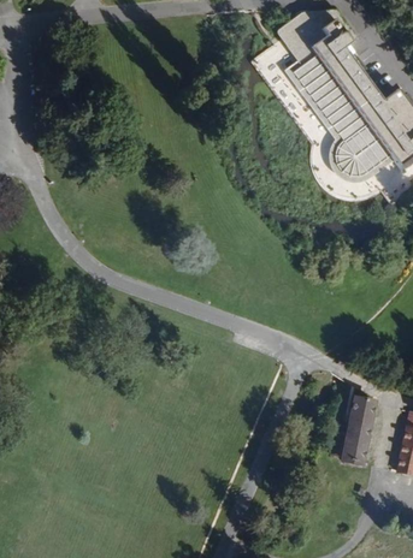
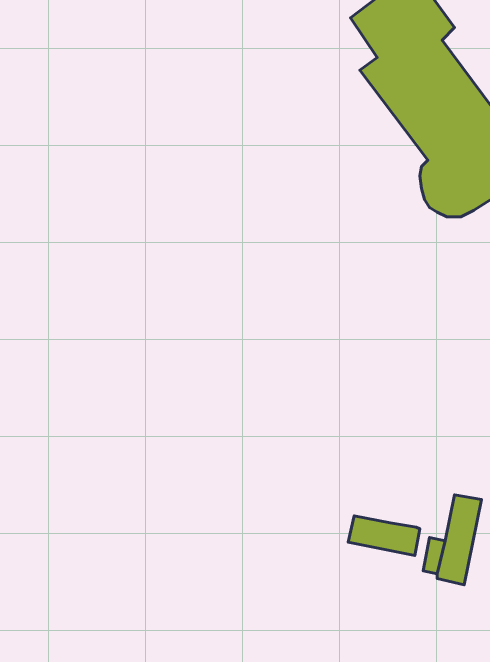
building: none -> [348,516,420,556]

